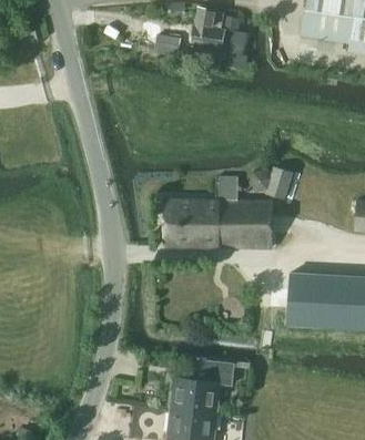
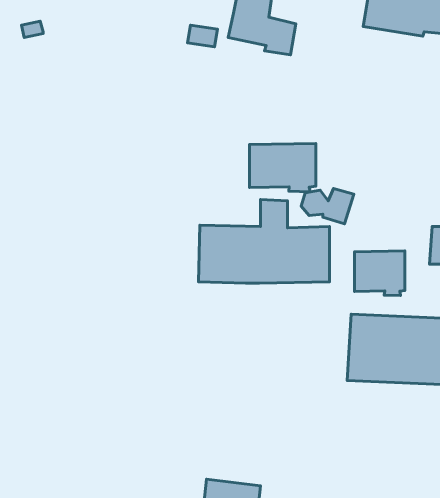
building: none -> [250,144,316,192]
building: none -> [355,251,405,296]
building: [168,359,234,412] -> none

